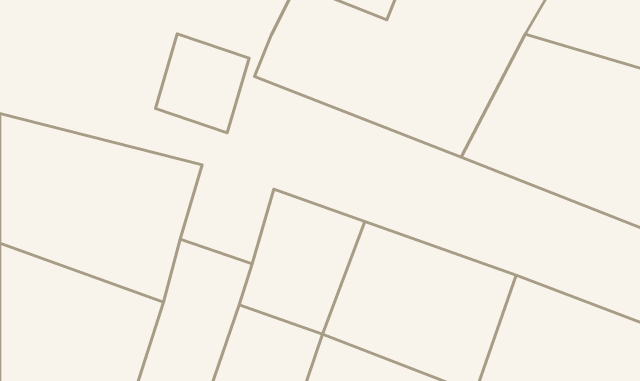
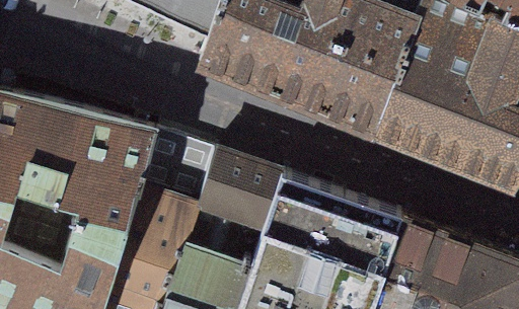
building: [155,34,249,133] -> [143,136,217,214]

